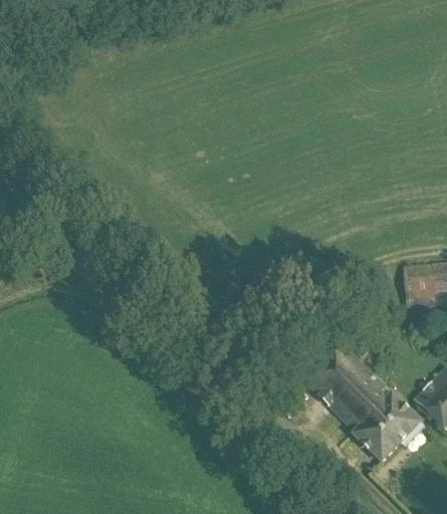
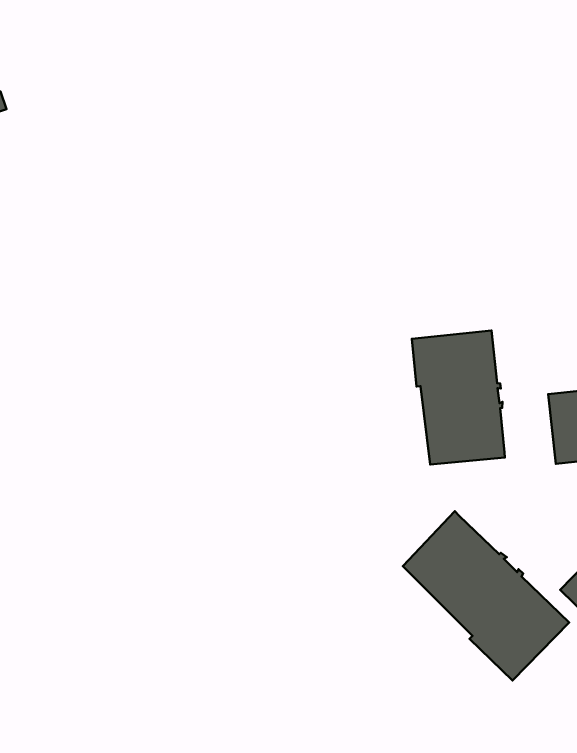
building: none -> [412,331,505,464]

